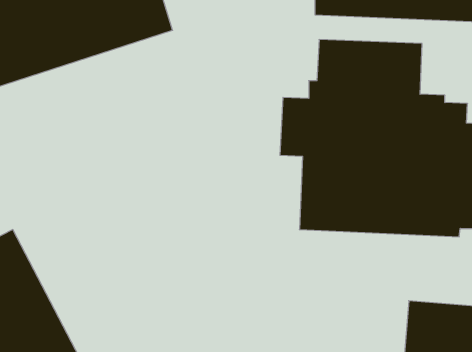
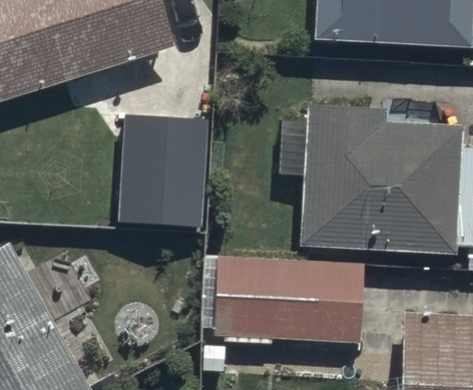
building: none -> [115,113,206,226]
building: none -> [199,257,361,344]

